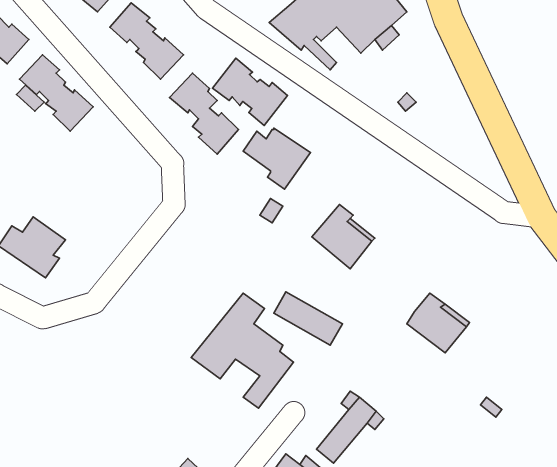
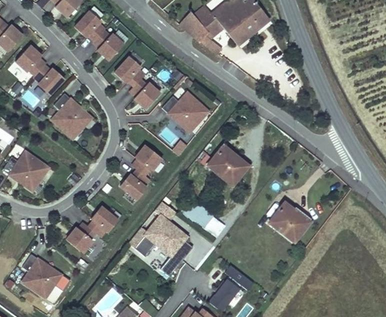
building: [213,58,287,125] -> none
building: none -> [49,93,92,136]
building: none -> [120,145,161,200]
building: none -> [66,206,118,253]
building: none -> [21,256,64,298]

